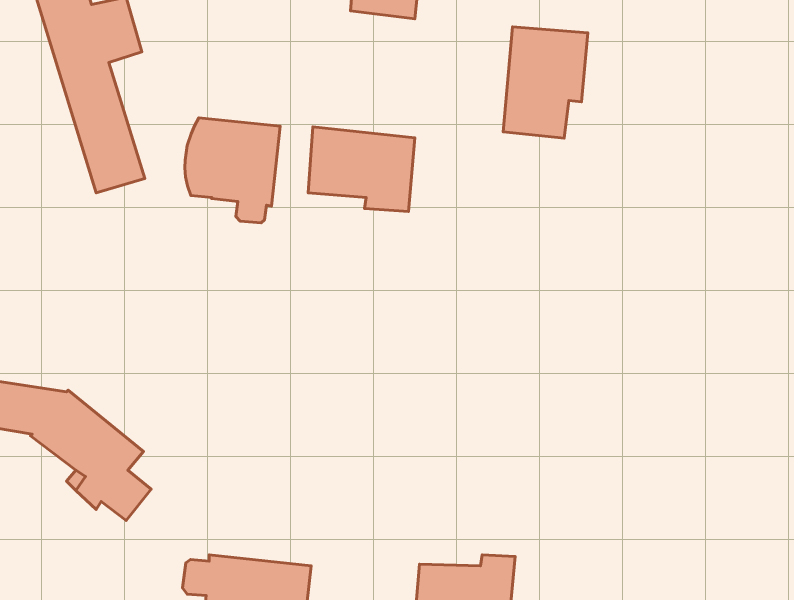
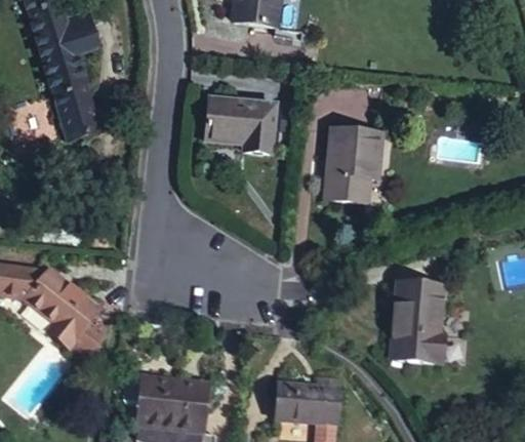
building: [503,27,588,138] -> [326,128,381,201]
building: [185,118,280,223] -> none
building: none -> [391,281,444,361]

